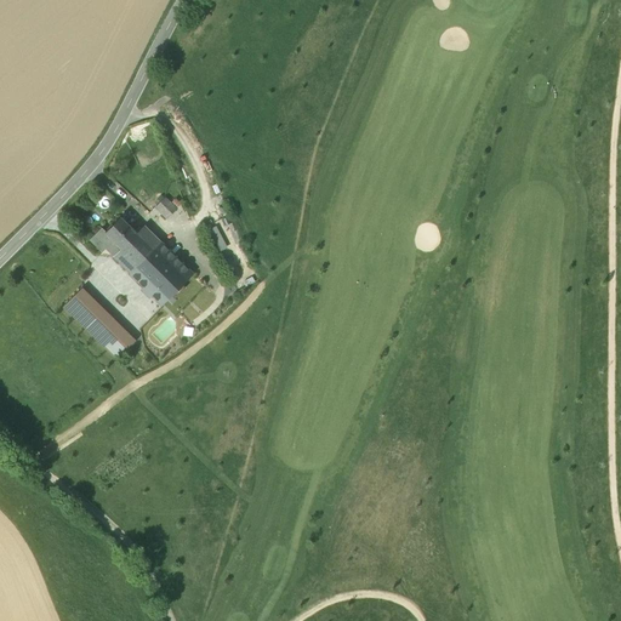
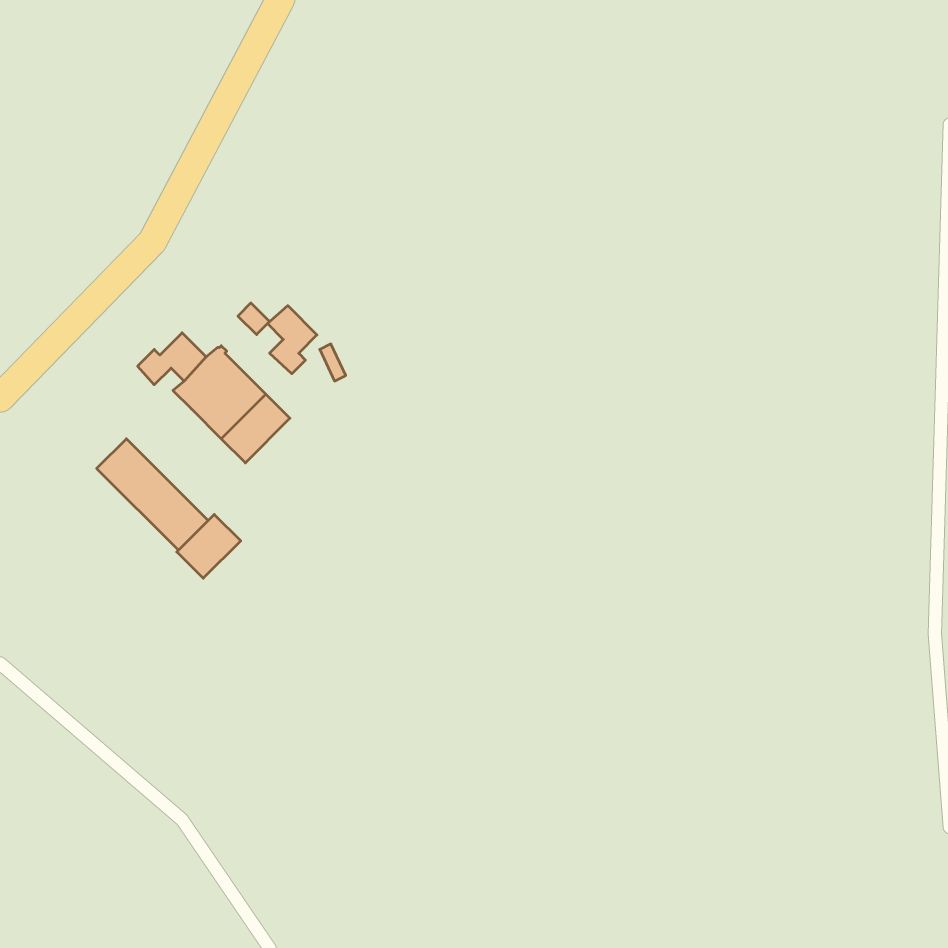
building: none -> [268,306,317,374]
building: none -> [177,514,241,578]

